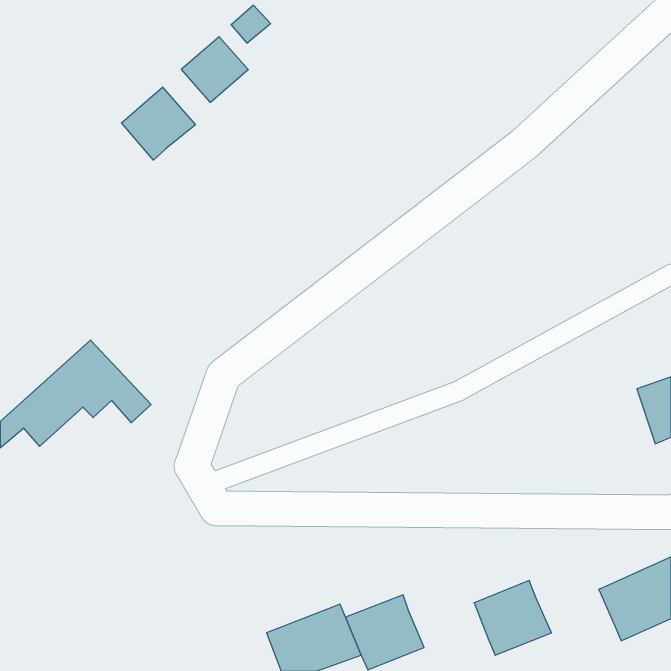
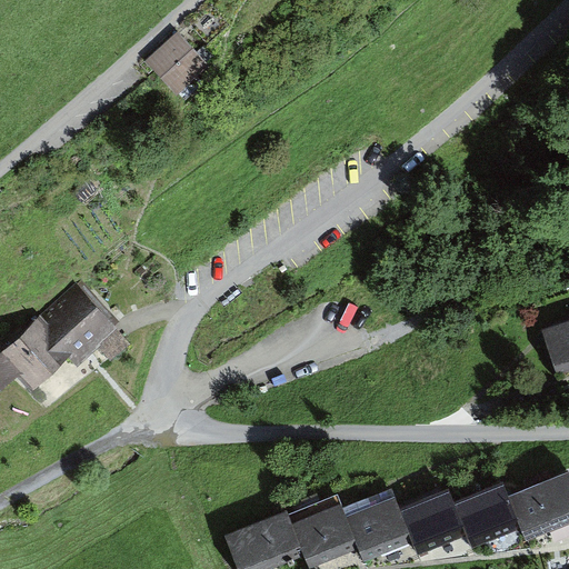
building: [121,87,196,160] -> none
building: none -> [453,486,520,549]
building: none -> [346,497,413,561]

